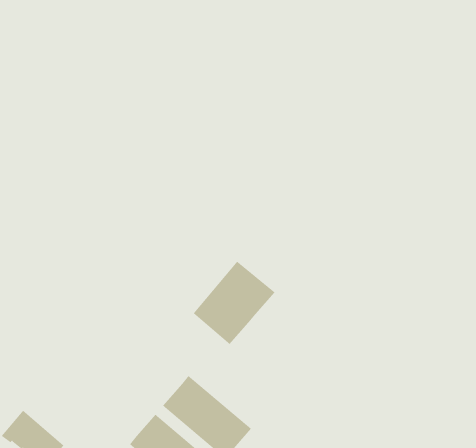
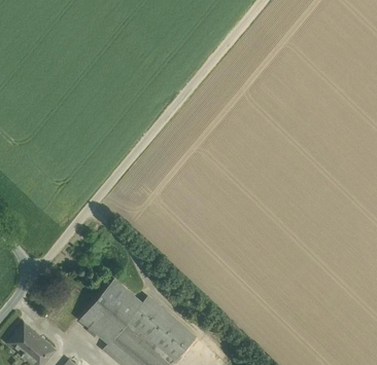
building: [193,261,275,345] -> [80,281,142,343]

